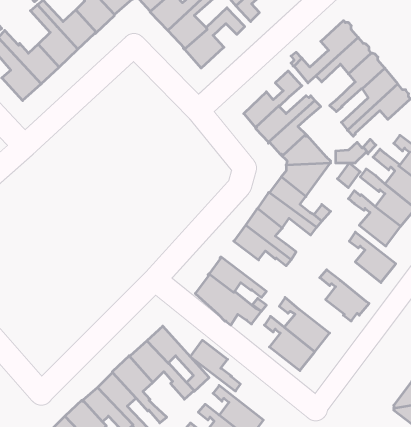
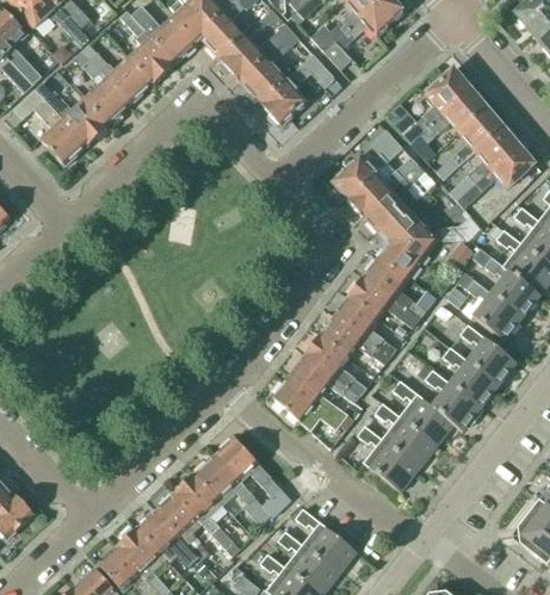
building: none -> [441,346,498,407]
building: none -> [391,379,453,445]
building: [190,341,240,391] -> [304,334,365,395]

